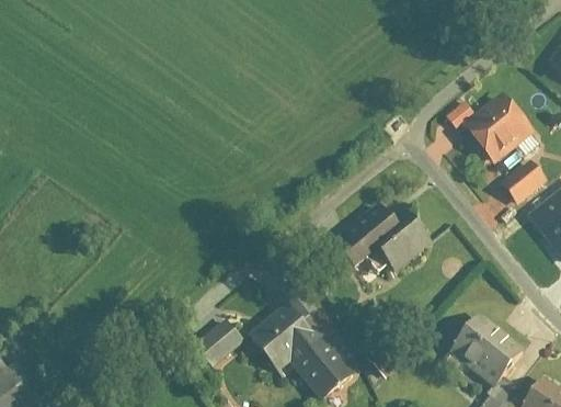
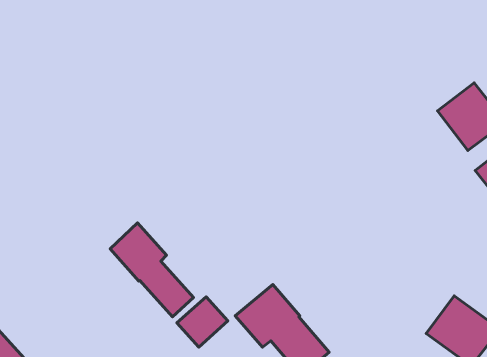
building: [335,203,434,274] -> none
building: none -> [110,223,194,317]

